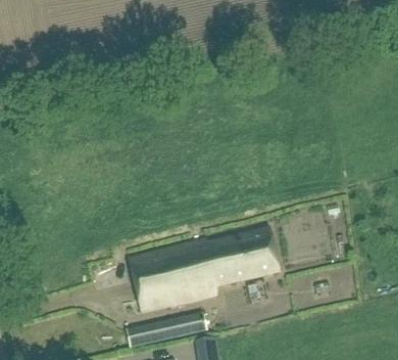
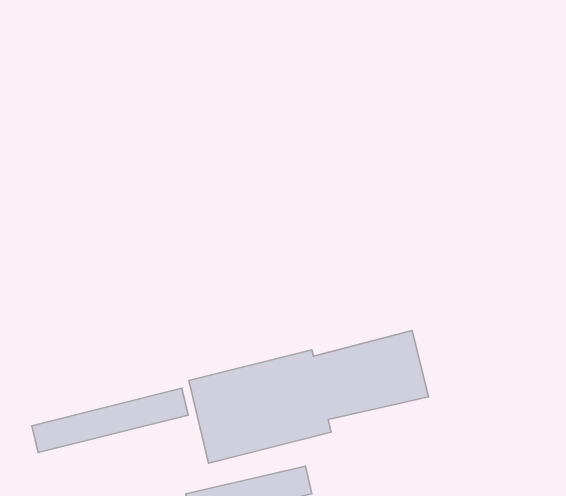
building: none -> [32,388,188,453]

